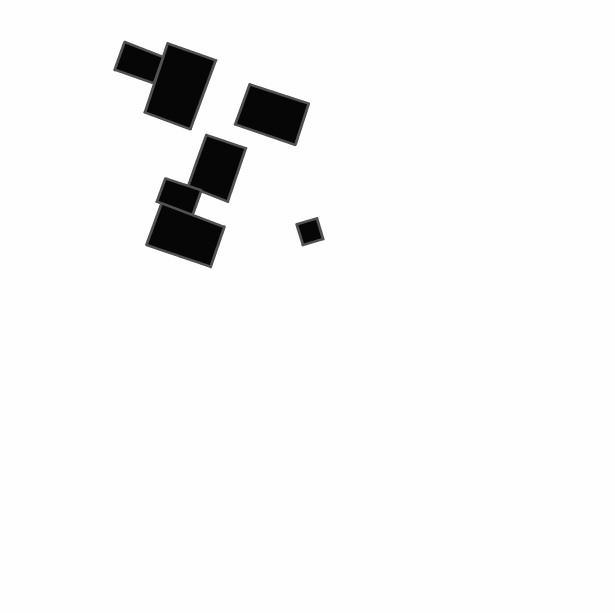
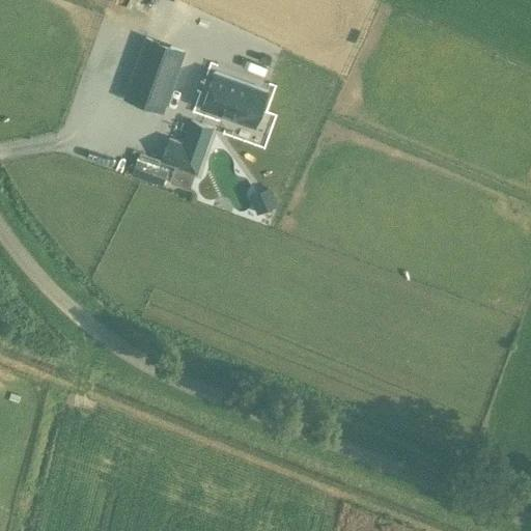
building: [115,42,163,84] -> none
building: [147,203,224,267] -> none

